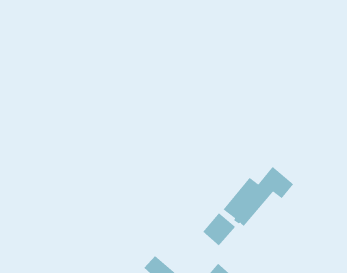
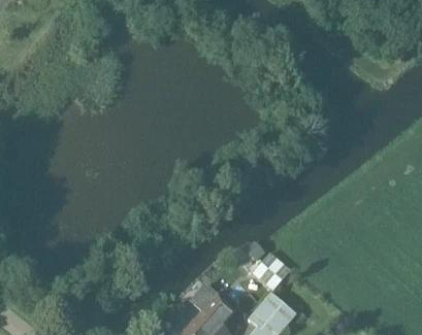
building: [222,166,294,227] -> none

